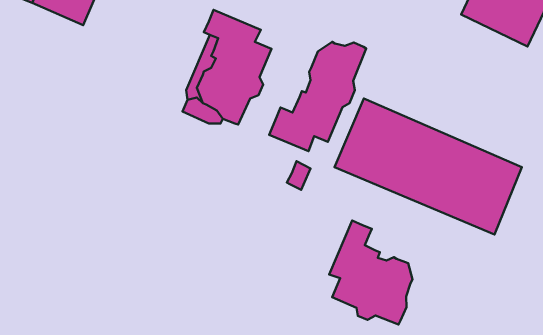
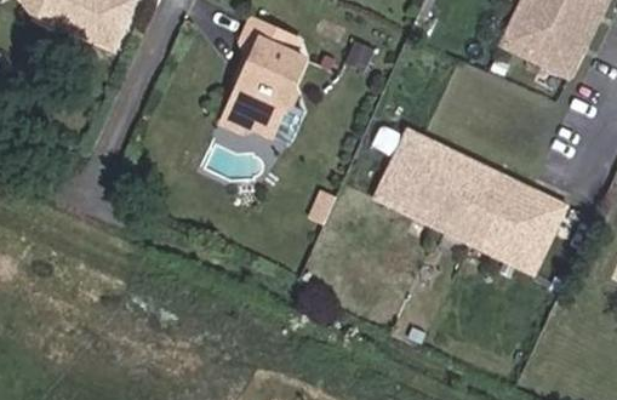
building: [269,42,366,151] -> none
building: [329,221,412,324] -> none

